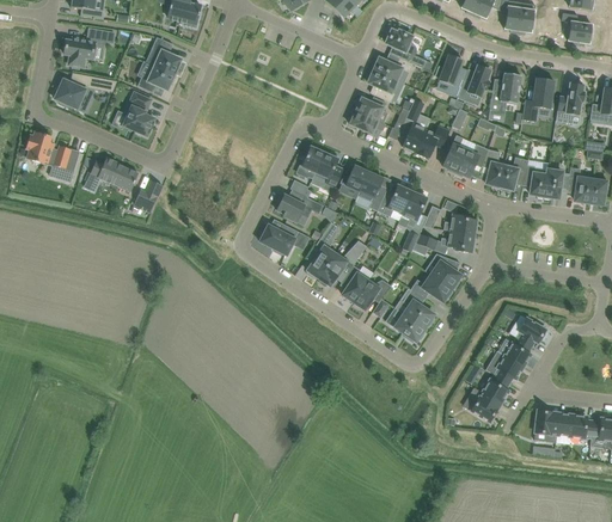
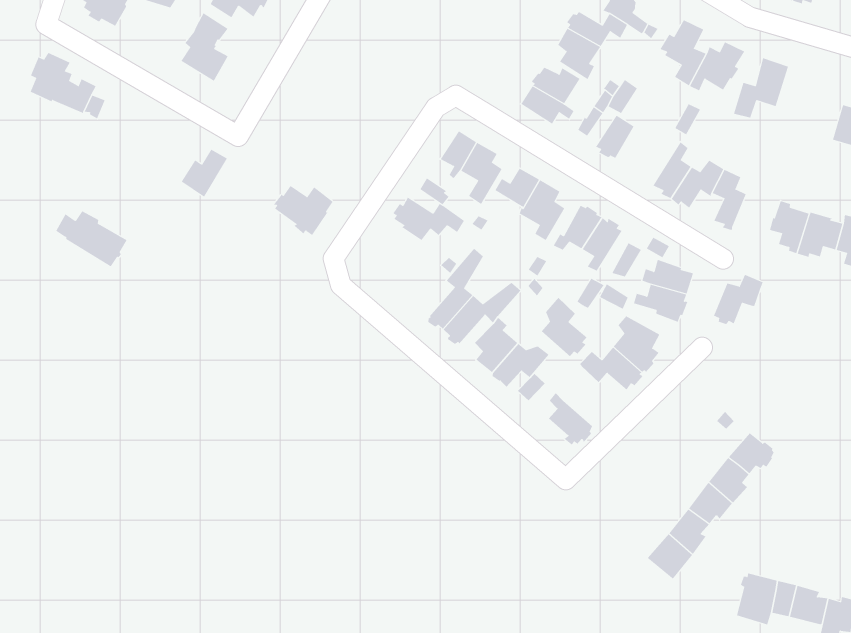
building: [522,78,555,122] -> none
building: [415,127,449,159] -> none
building: [498,156,528,191] -> [713,274,764,325]
building: [91,158,139,192] -> [56,210,127,267]
building: [258,223,298,256] -> [273,185,334,236]
building: [403,290,434,328] -> [541,297,587,357]

